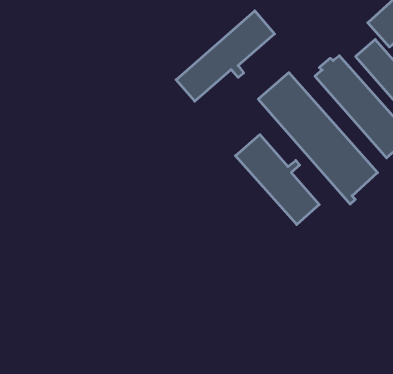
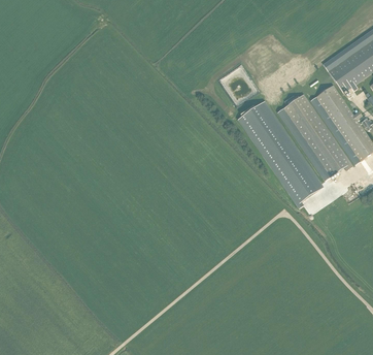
building: [176,11,275,101] -> none
building: [235,135,319,225] -> none

